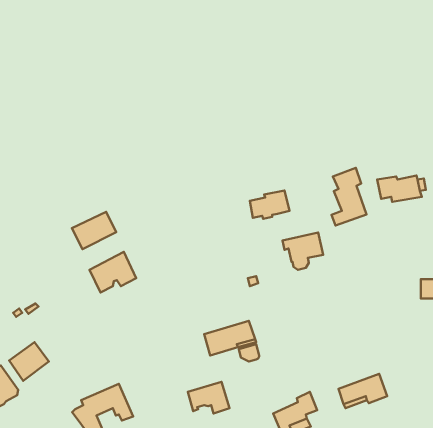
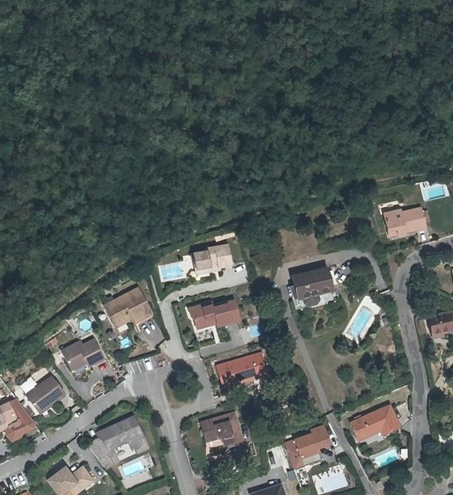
building: [332,168,367,226] -> none
building: [250,191,290,219] -> [191,244,230,272]
building: [72,212,116,249] -> none
building: none -> [189,298,239,325]
building: none -> [57,337,105,373]

